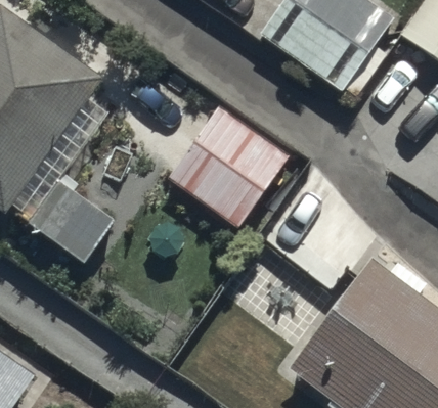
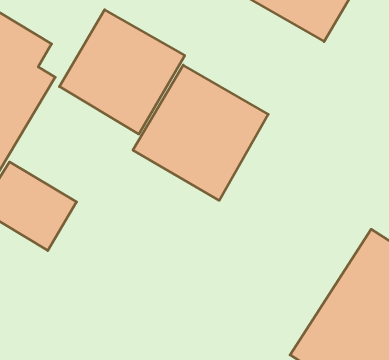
building: none -> [59,10,185,134]

